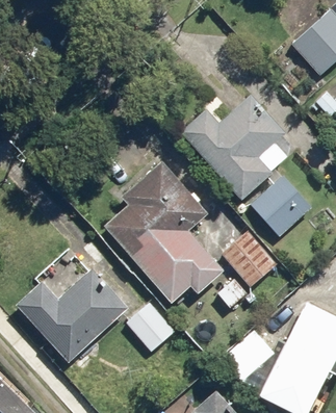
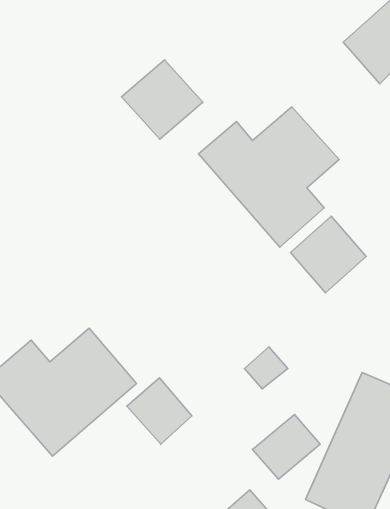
building: none -> [122,60,203,139]
building: [103,157,225,305] -> none
building: [221,233,277,291] -> none

